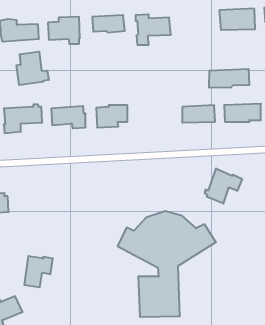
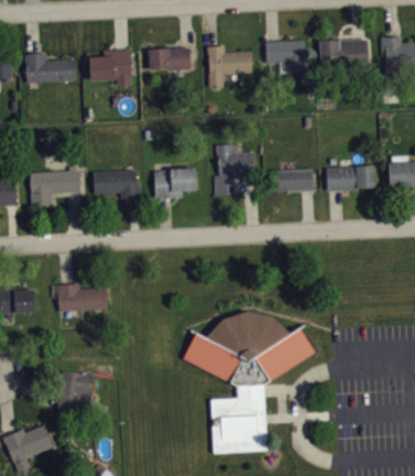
building: none -> [265,40,305,74]
building: [16,52,49,85] -> none
building: [209,69,249,88] -> none
building: none -> [214,144,255,196]
building: [205,168,242,204] -> none
building: none -> [53,283,109,311]

